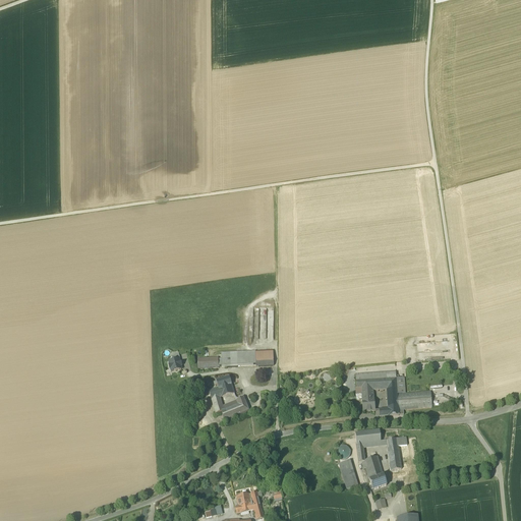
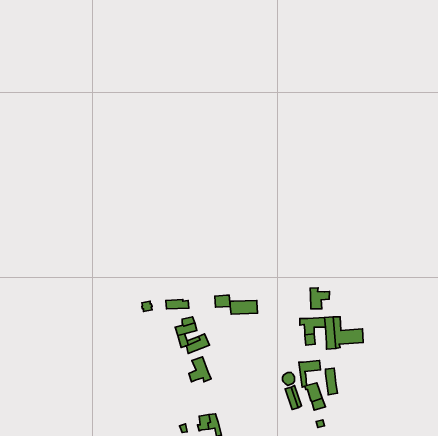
building: none -> [310,288,330,309]
building: [223,349,255,365] -> [230,300,258,314]
building: none -> [189,357,211,382]

